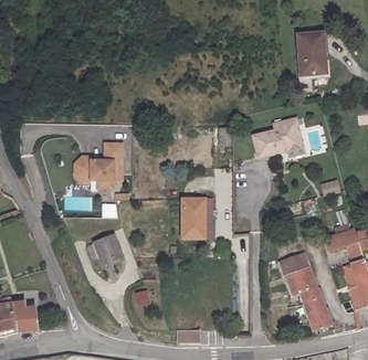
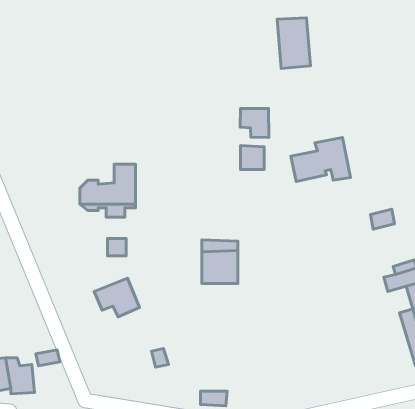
building: [301,34,328,76] -> [277,18,310,68]
building: none -> [240,108,269,137]
building: [282,251,332,328] -> none

